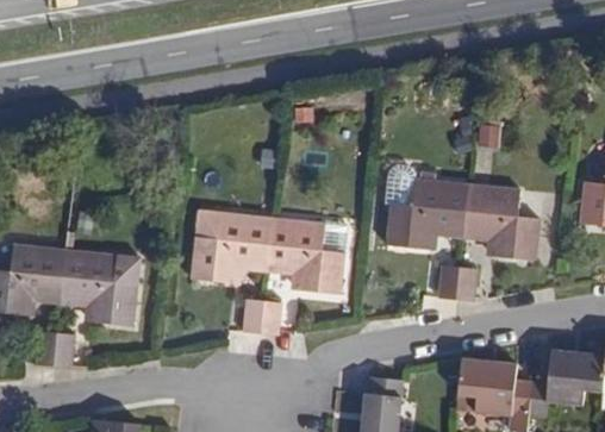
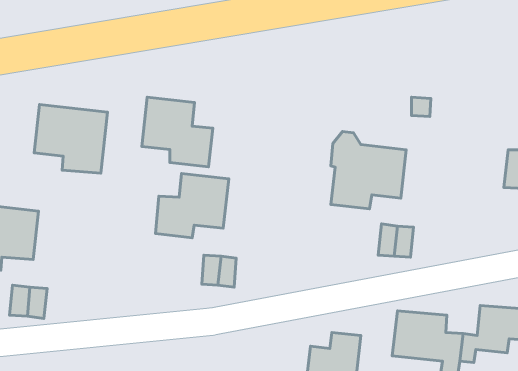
building: [463,182,539,259] -> none
building: [267,214,345,292] -> [142,97,213,167]
building: [56,250,137,326] -> [34,105,107,173]

